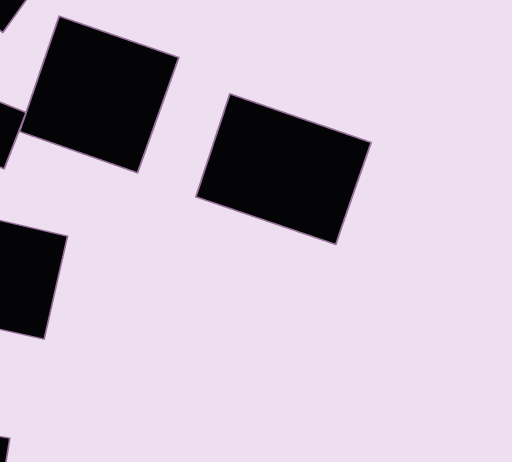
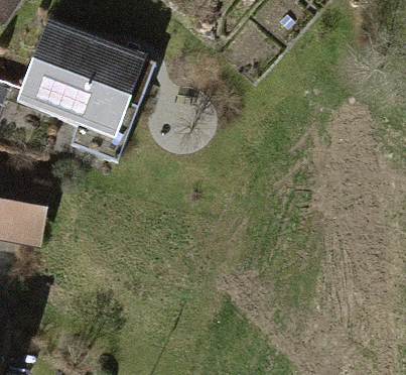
building: [196,94,371,245] -> none

